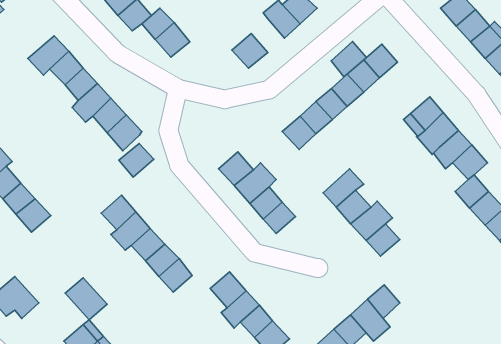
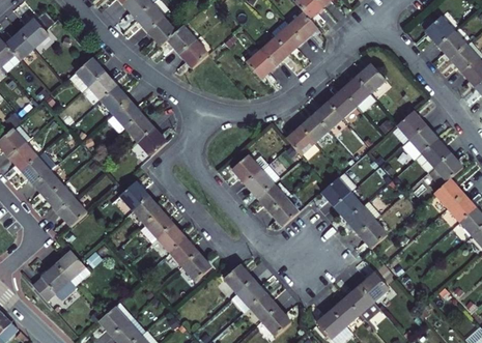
building: none -> [259,40,288,69]
building: [331,41,366,77] -> none
building: [119,144,154,177] -> [117,179,147,208]
building: [65,278,107,320] -> [55,250,91,286]

